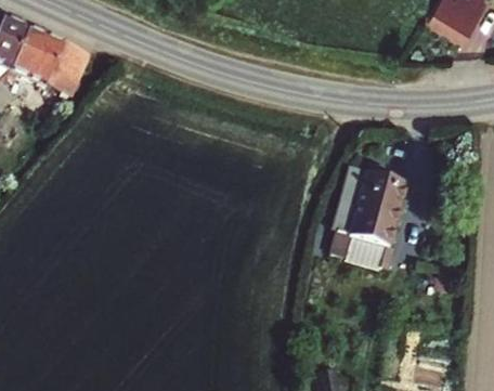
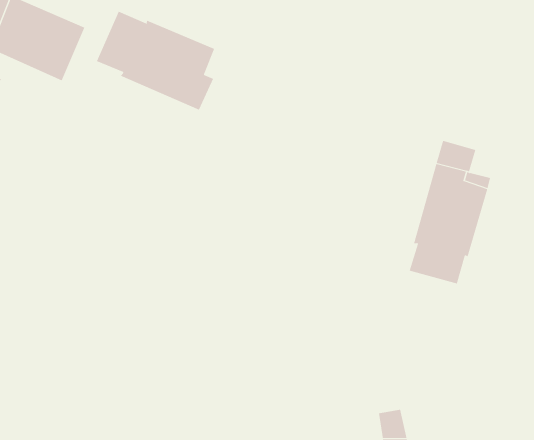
building: none -> [96,11,215,111]

